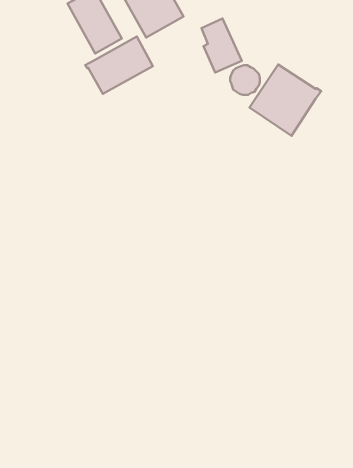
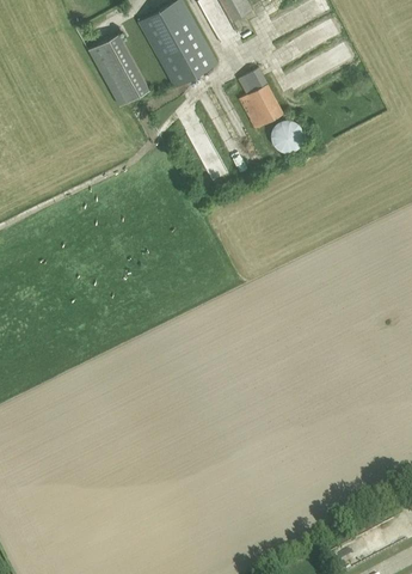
building: [85,36,153,94] -> none
building: [249,64,321,136] -> none

